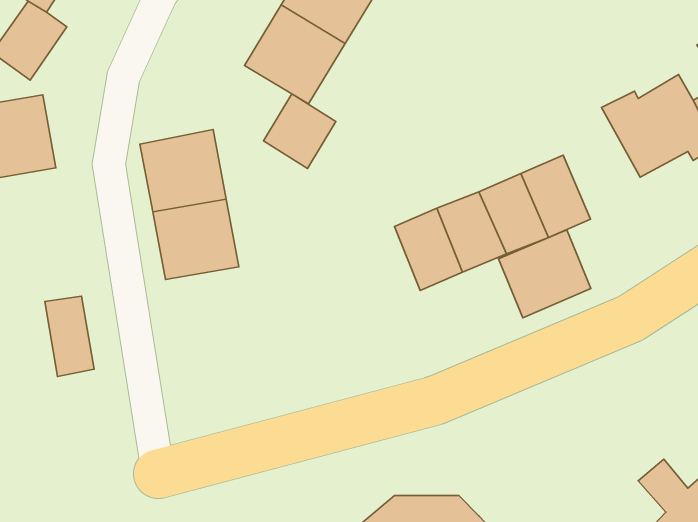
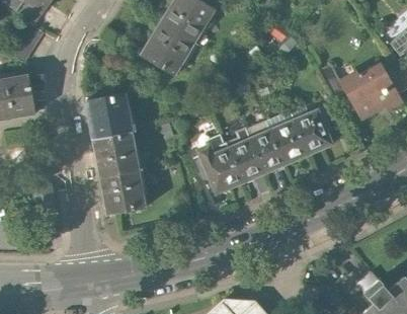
building: [263,94,336,168] -> none
building: none -> [201,147,239,191]
building: [499,230,591,318] -> none
building: none -> [98,169,145,213]

